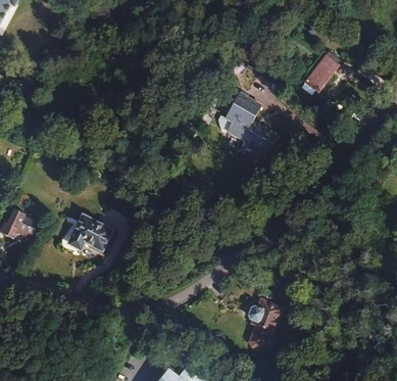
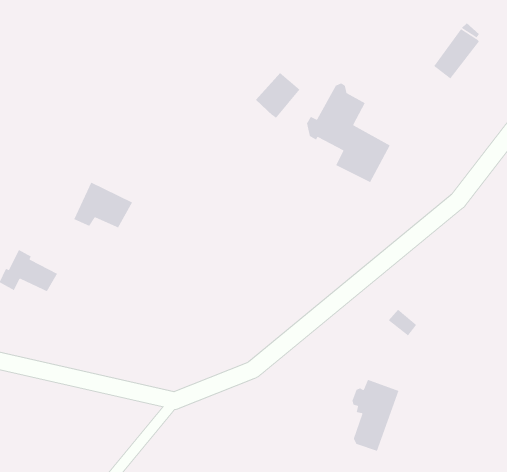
building: none -> [255,72,300,119]
building: [69,216,111,248] -> [73,182,133,228]

